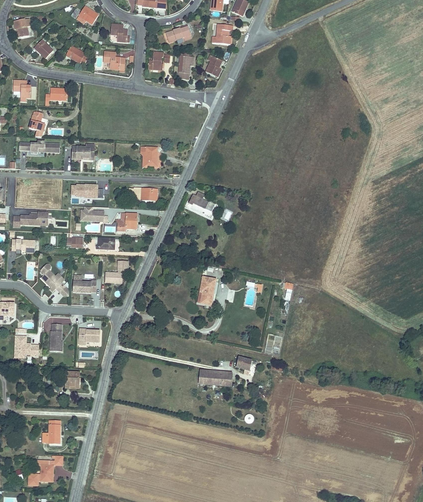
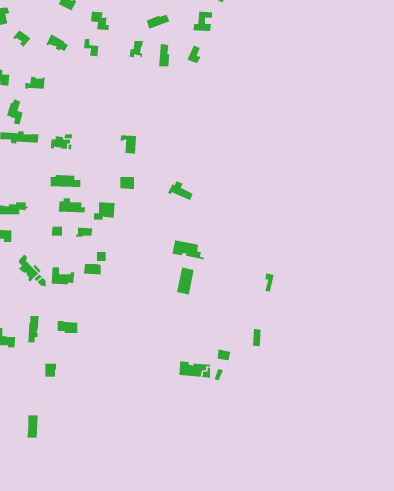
building: none -> [172,240,205,260]
building: [27,455,61,485] -> none

